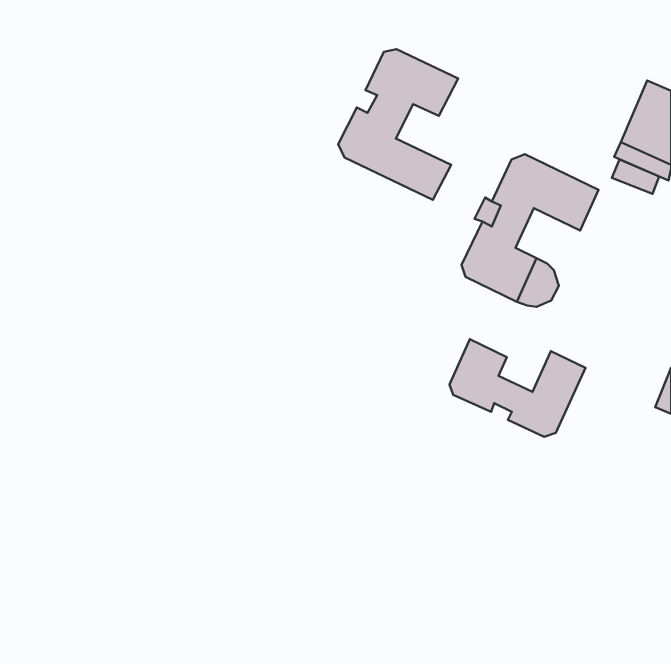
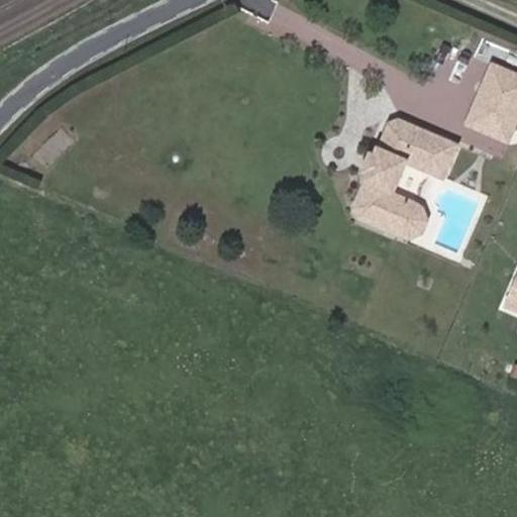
building: [338,49,458,200] -> none
building: [449,339,585,437] -> none

